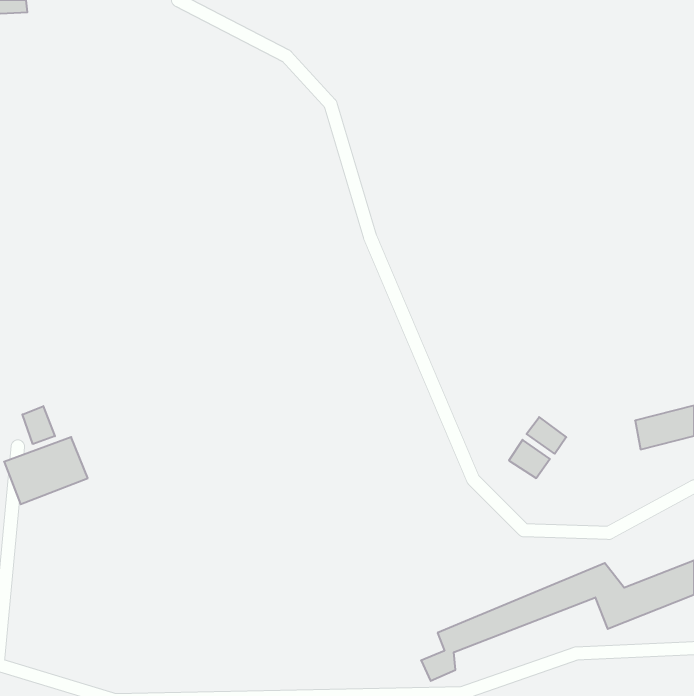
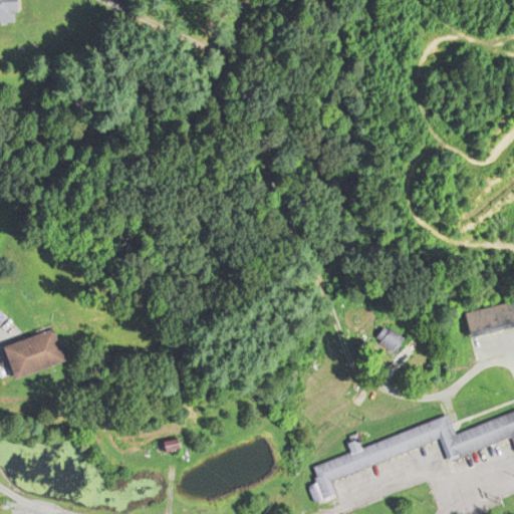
building: [22,406,55,444] -> none
building: [527,417,566,454] -> none

